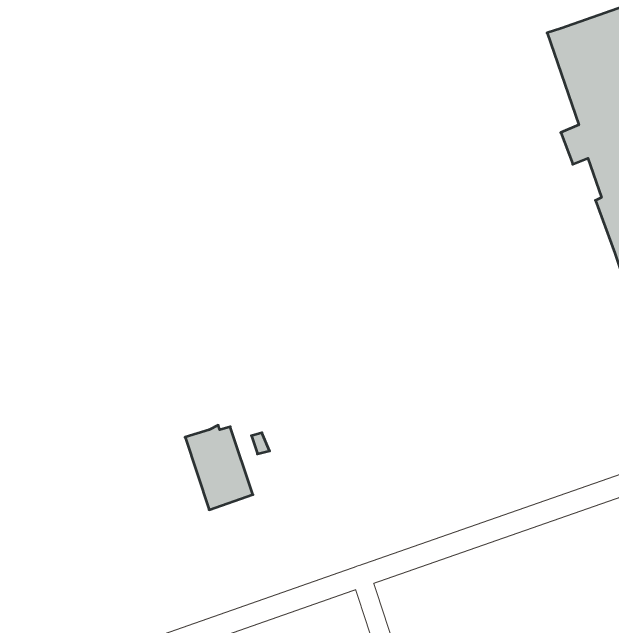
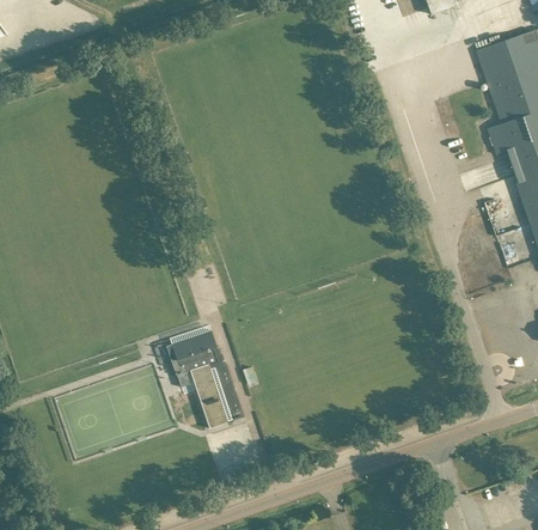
building: none -> [171,330,216,388]

